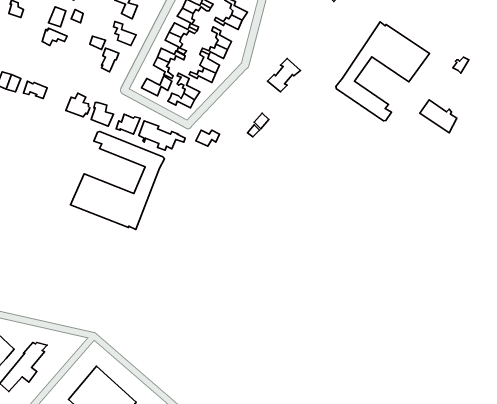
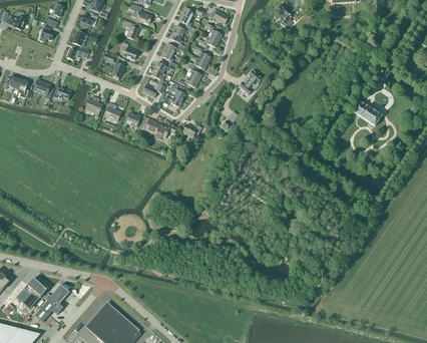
building: [336,22,429,121] -> none
building: [70,131,165,229] -> none

